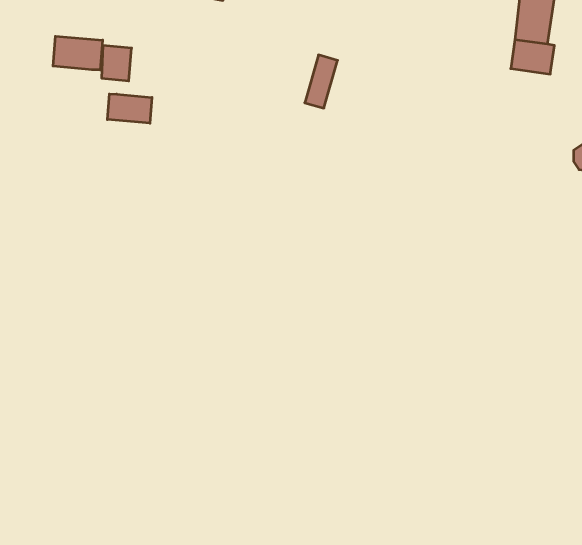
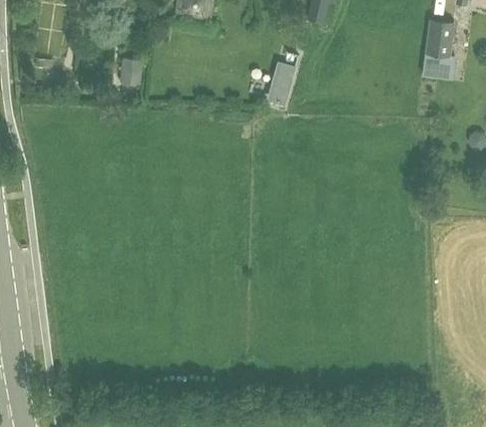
building: [53,36,103,70] -> none
building: [107,94,152,123] -> none

